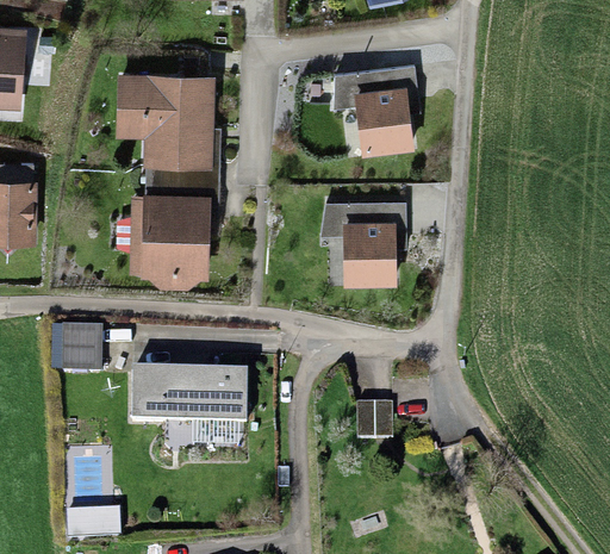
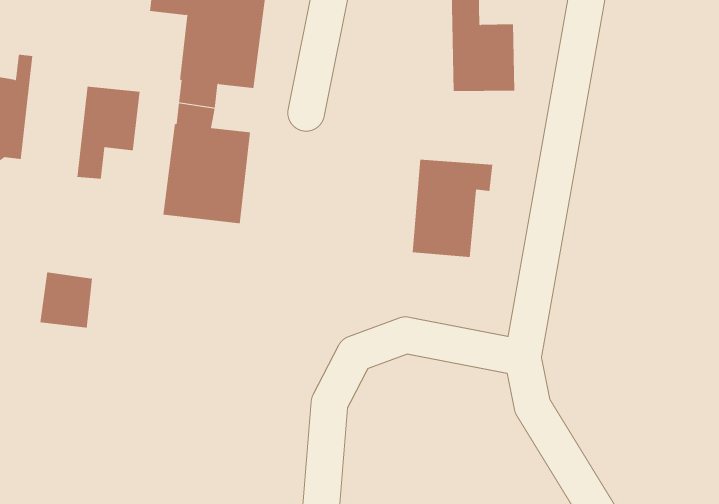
building: none -> [77,86,140,179]
building: [136,374,247,425] -> none
building: [356,405,394,436] -> none

